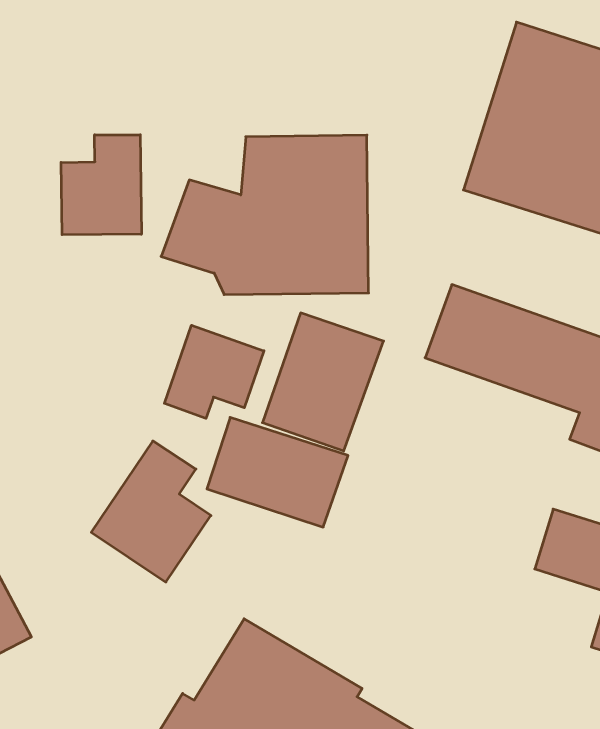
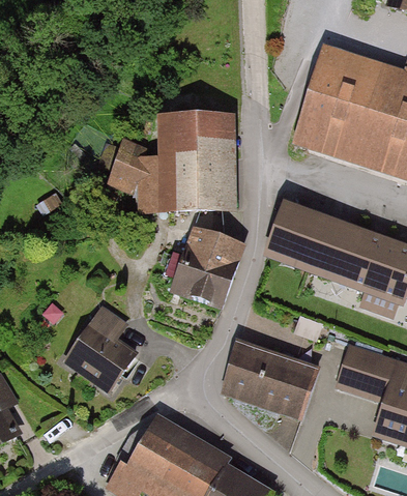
building: [61,135,141,235] -> none
building: [164,325,264,418] -> none
building: [207,417,348,527] -> [222,344,310,412]

